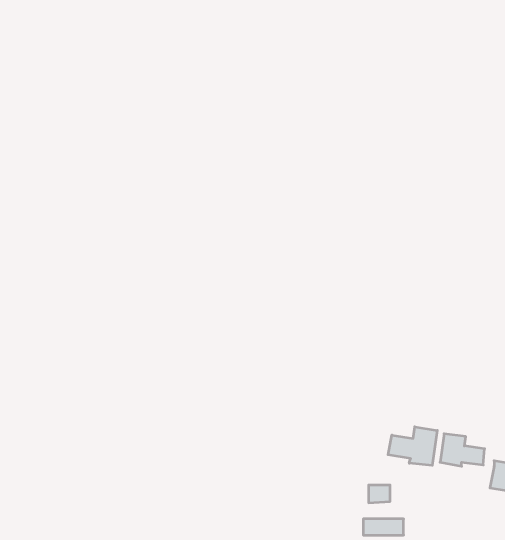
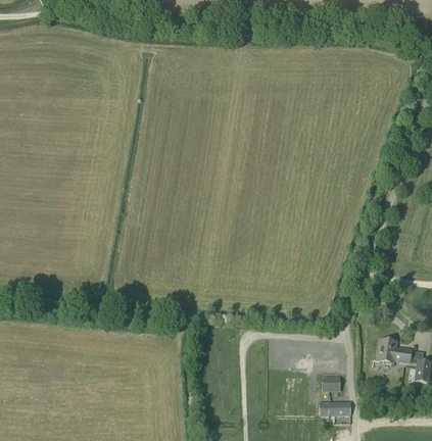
building: [388,427,437,465] -> none

